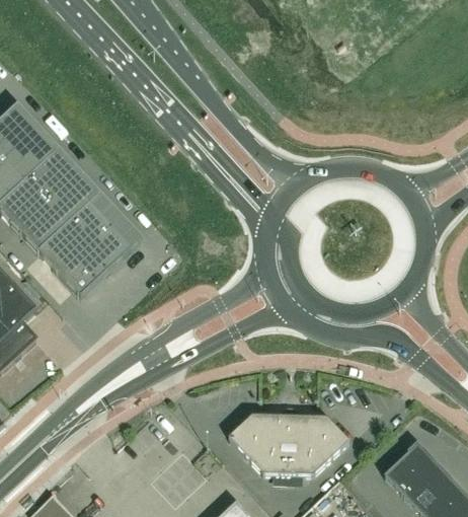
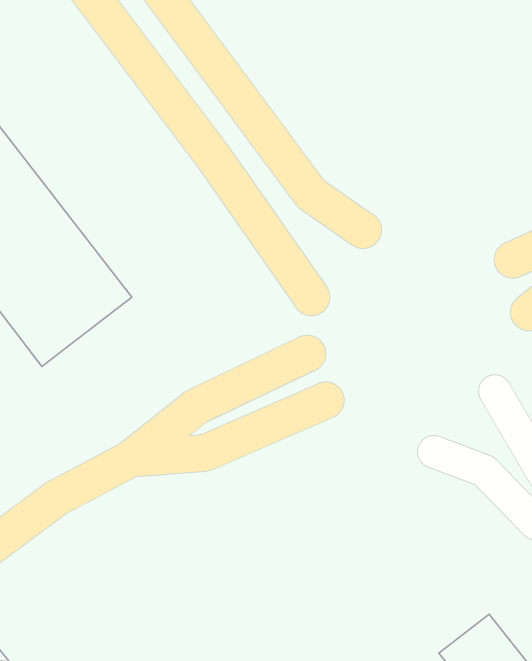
building: [229,414,349,473] -> none

